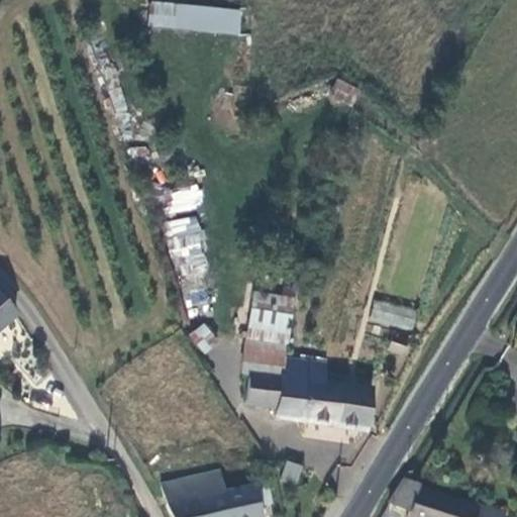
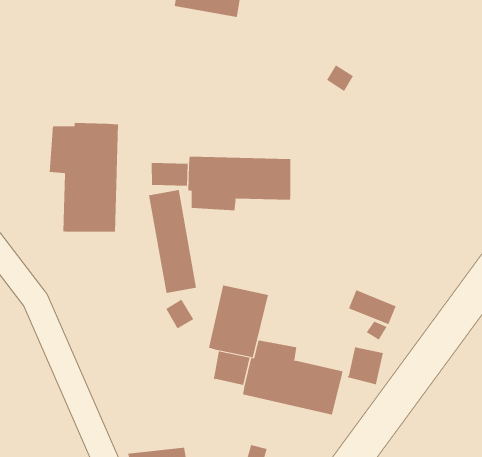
building: none -> [49,122,118,233]
building: none -> [188,156,291,211]
building: none -> [347,346,383,385]

